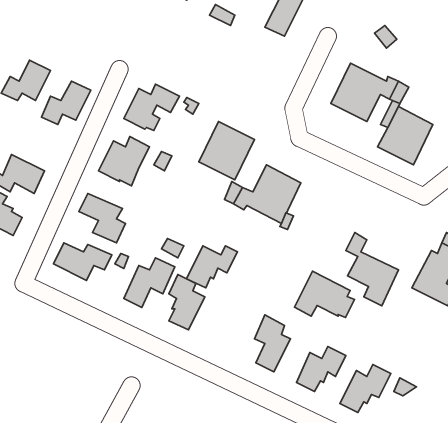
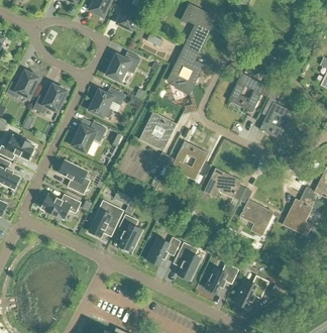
building: none -> [168,47,203,93]
building: none -> [107,50,140,81]
building: [186,246,237,288] -> [146,236,181,264]
building: [295,271,355,318] -> [204,166,244,198]

